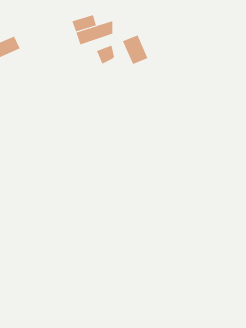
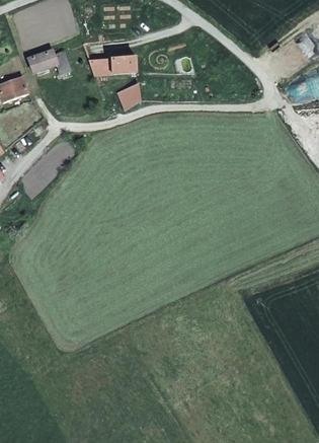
building: none -> [28,51,60,73]
building: [122,35,148,65] -> none

